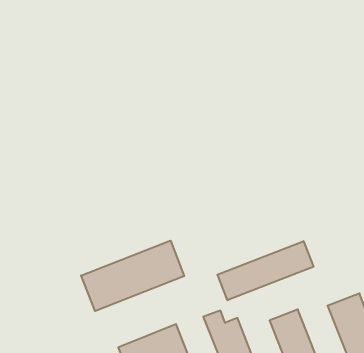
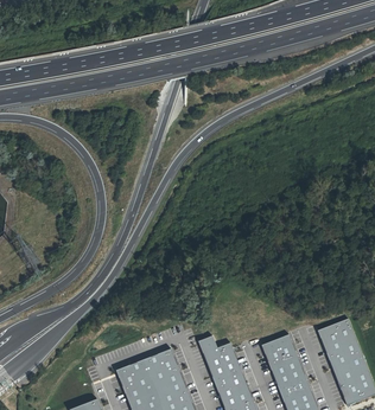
building: [81,241,184,311] -> none
building: [217,241,314,300] -> none

